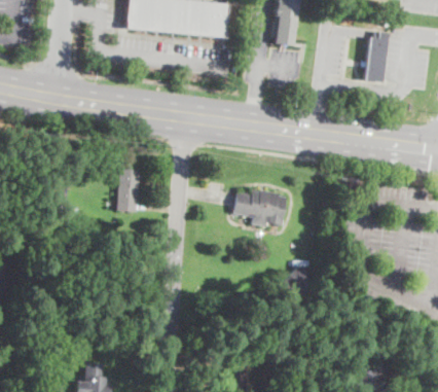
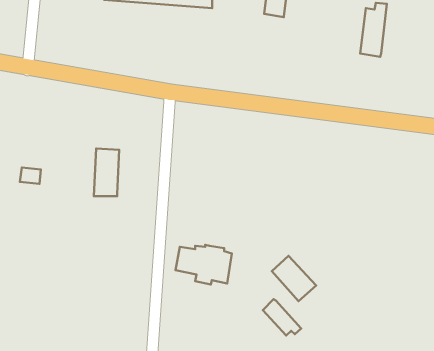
building: [233,189,286,226] -> [175,245,232,284]
building: none -> [263,299,301,335]

